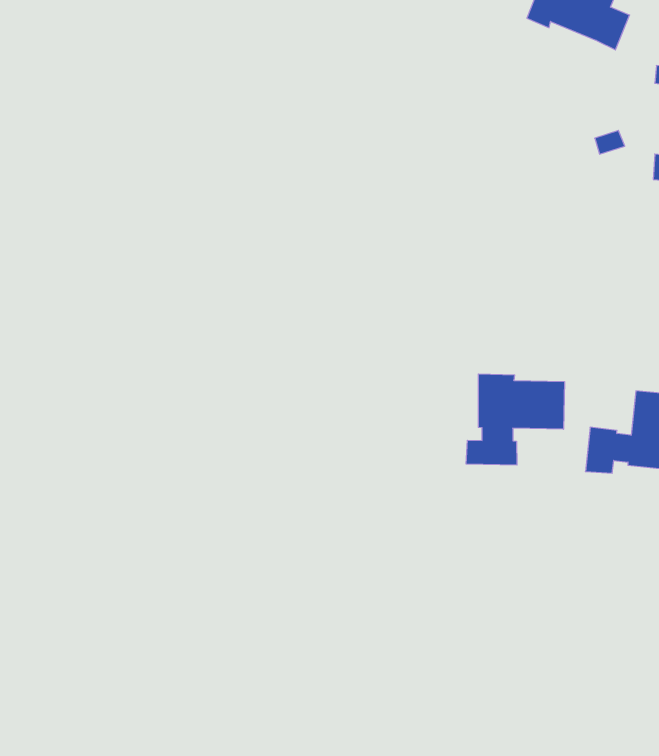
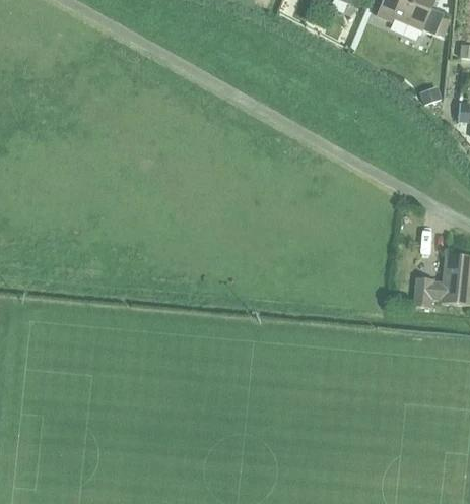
building: [466,374,564,465] -> none

